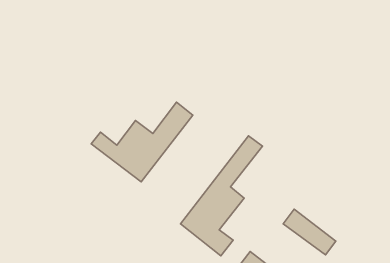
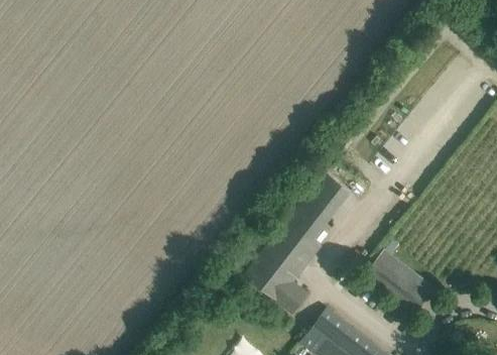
building: [91,102,193,182] -> none

